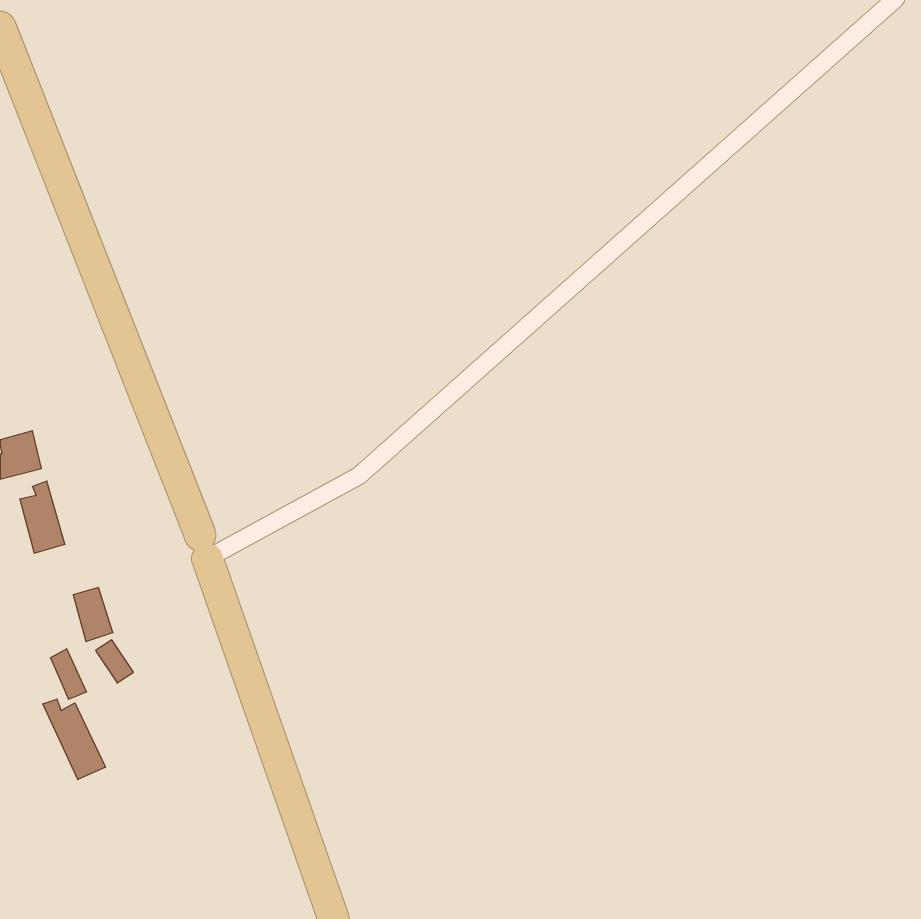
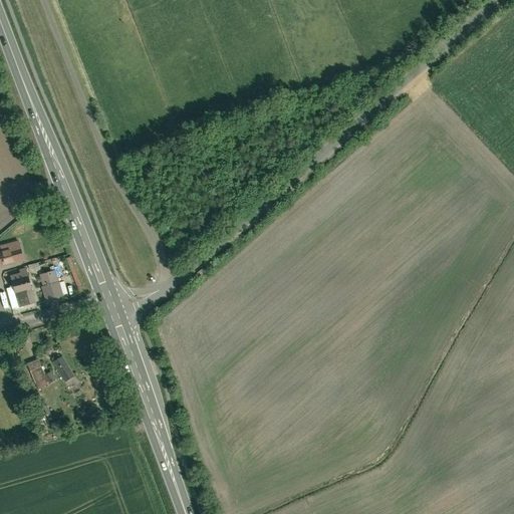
building: [73,588,113,642] -> [41,272,63,302]
building: [43,699,105,780] -> none

